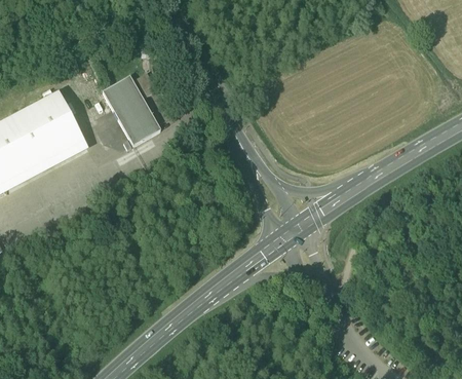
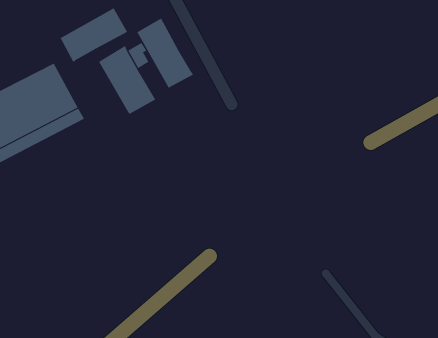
building: none -> [60,8,128,63]
building: none -> [137,18,194,88]

